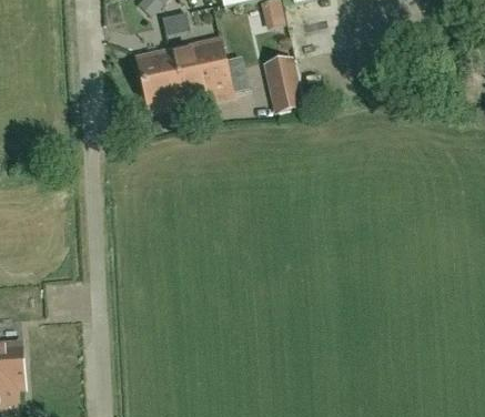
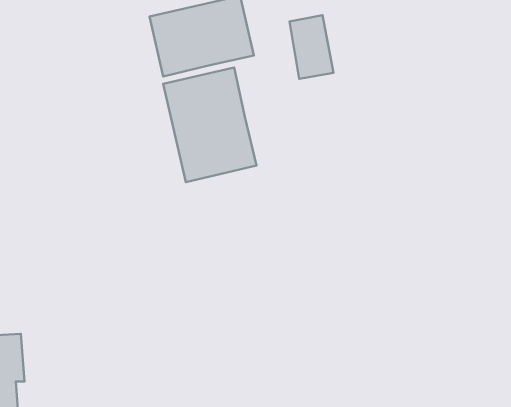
building: none -> [163,67,257,182]

